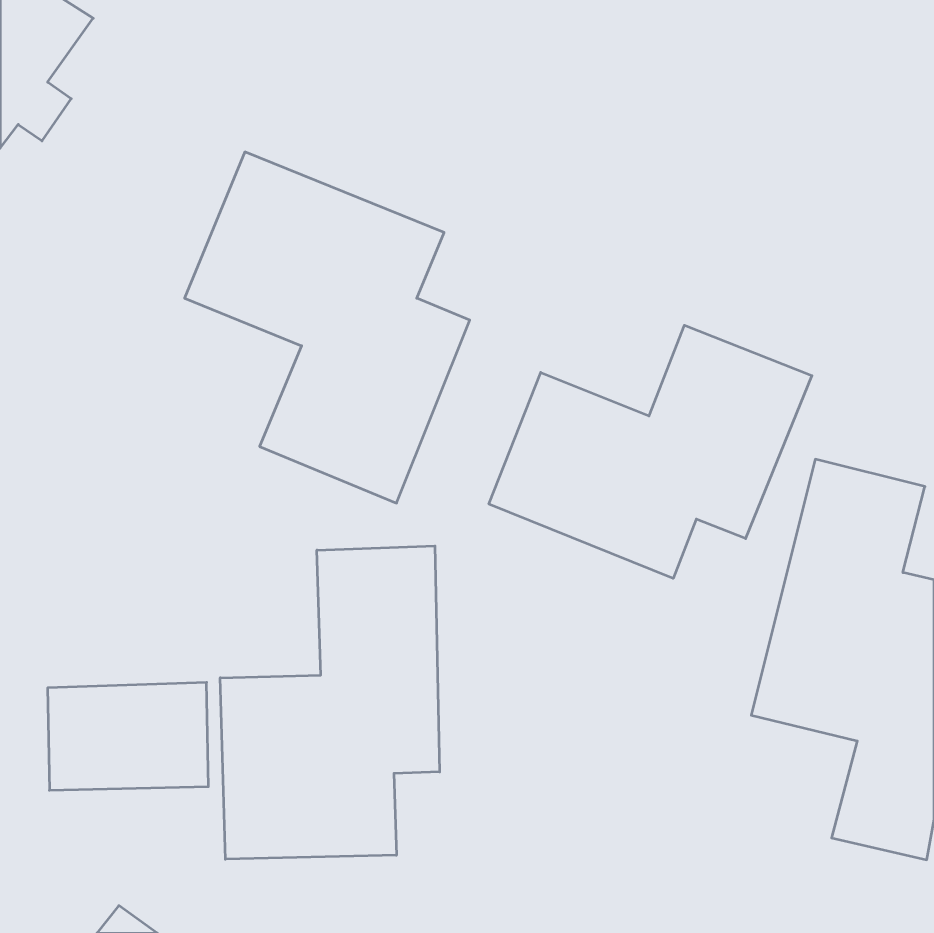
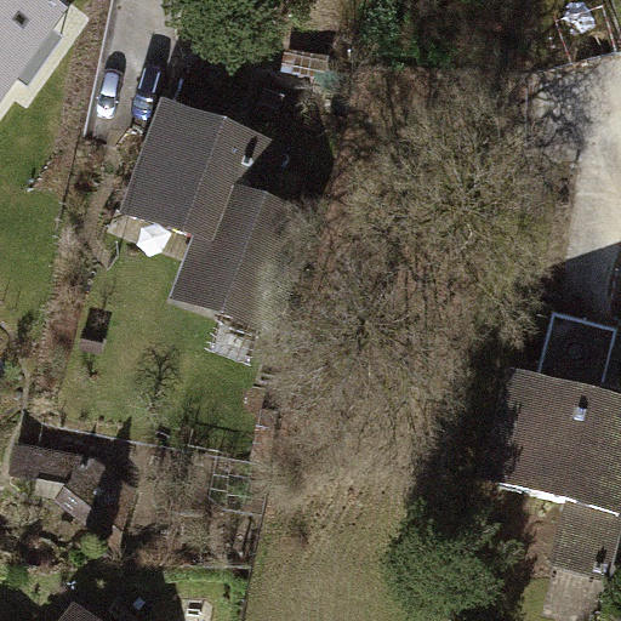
building: [489,325,812,578] -> none
building: [220,546,440,859] -> none

